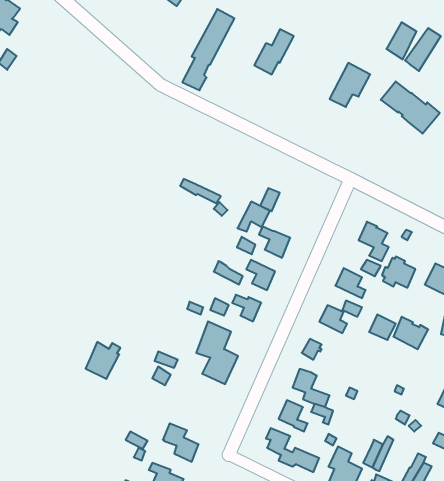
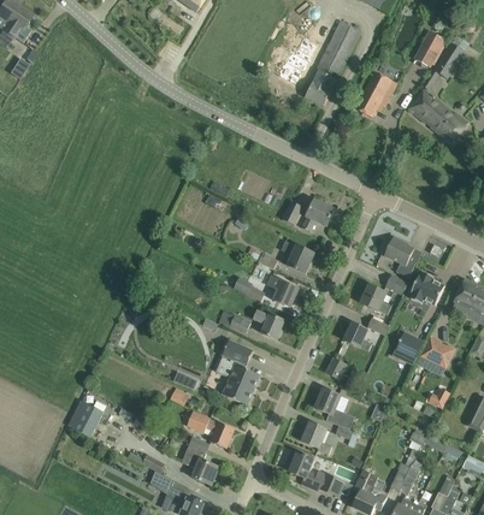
building: [182,9,234,90] -> [305,20,359,105]
building: [237,202,270,232] -> [300,200,334,231]
building: [86,342,120,379] -> [69,398,105,437]
building: none -> [185,412,234,448]

